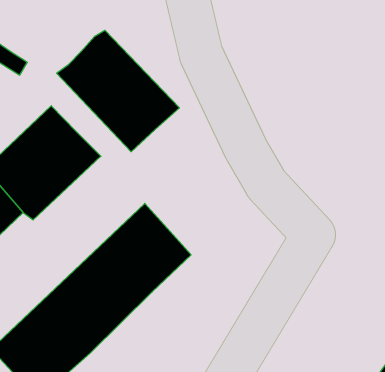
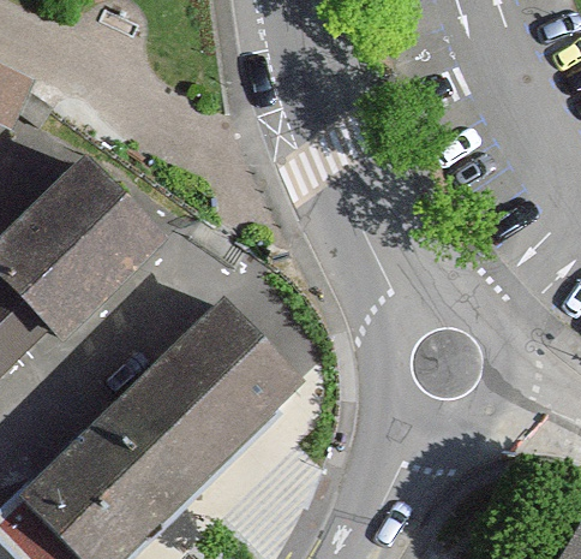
building: [57,30,179,152] -> none

